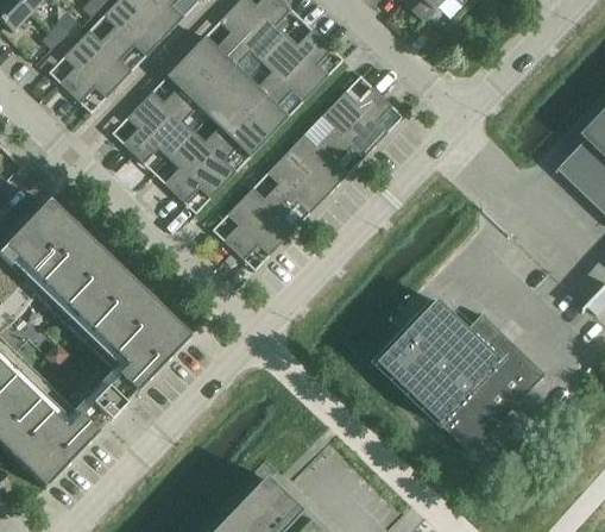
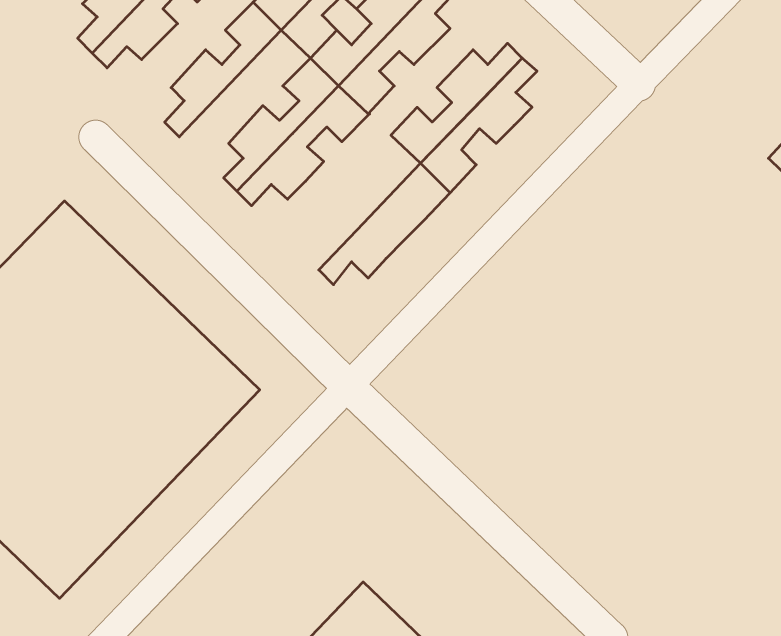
building: [132,75,227,162] -> none
building: [222,151,307,249] -> none
building: [374,298,544,451] -> none

